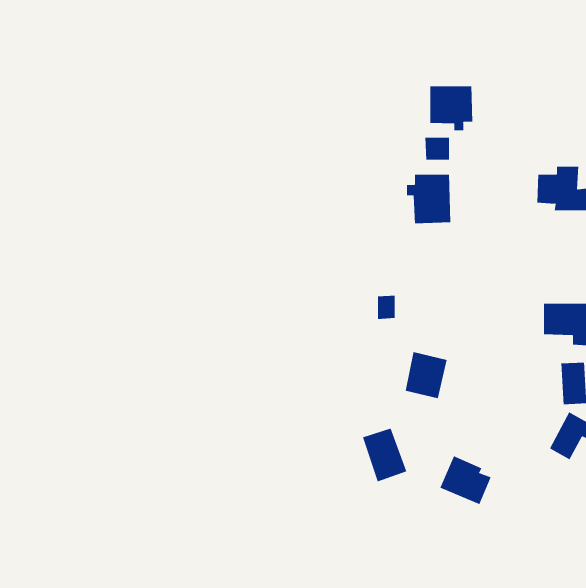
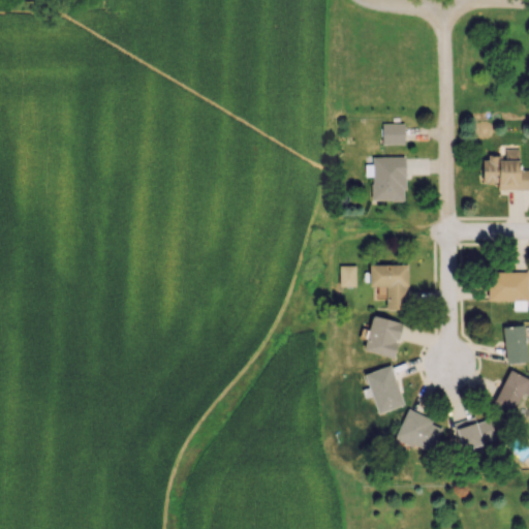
building: [430,86,473,131] -> none
building: none -> [371,264,410,310]
building: [362,428,407,482] -> [366,366,406,414]
building: none -> [455,417,499,452]

